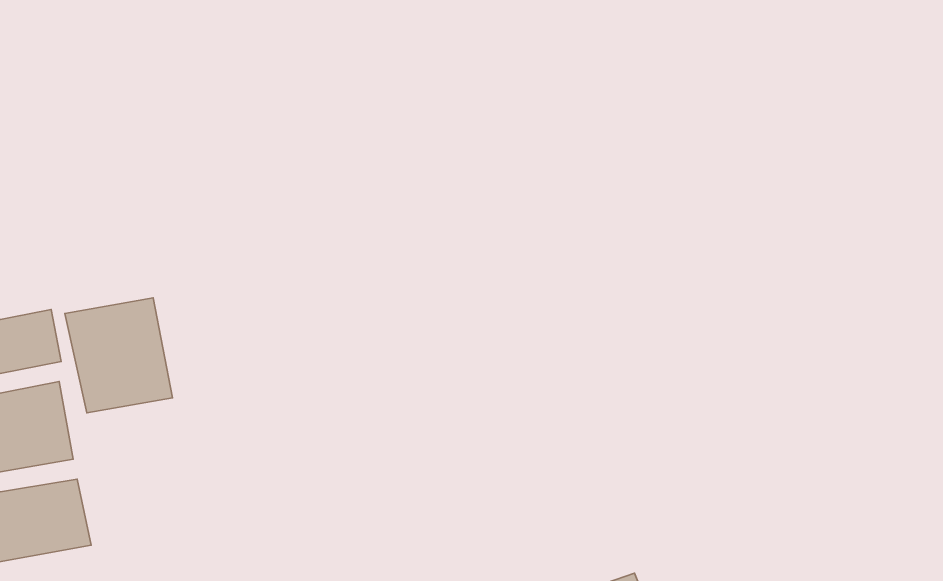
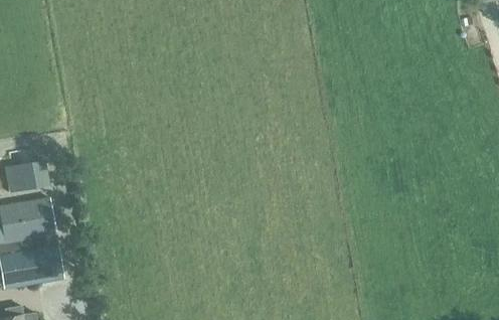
building: [65,298,173,413] -> none

